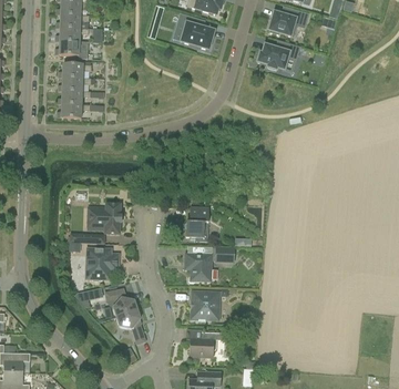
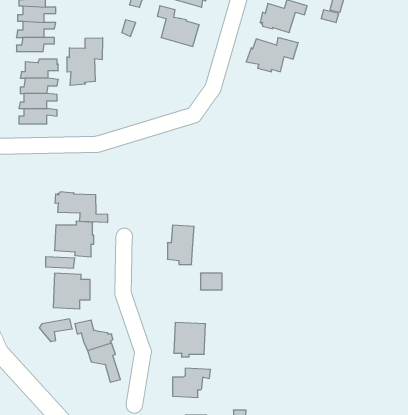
building: none -> [67,38,103,85]
building: none -> [55,192,108,223]
building: [185,252,212,281] -> none

